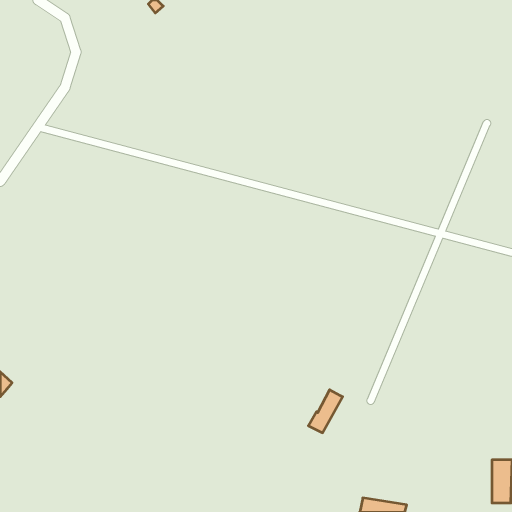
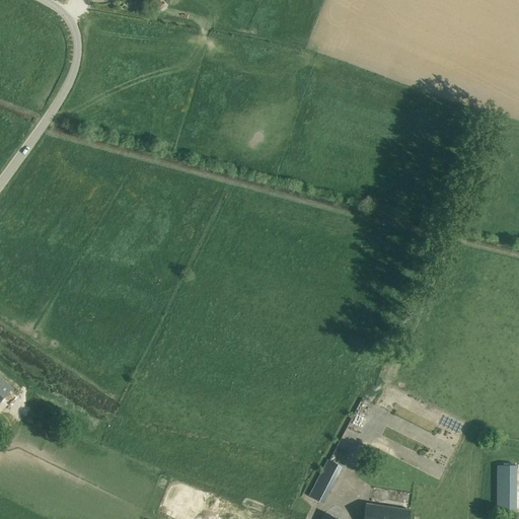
building: [308,390,343,433] -> [308,459,343,503]

